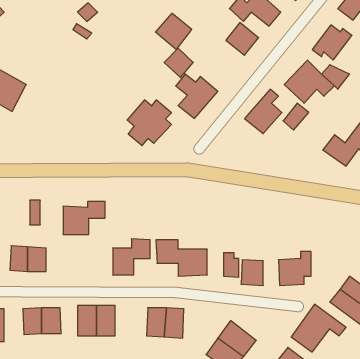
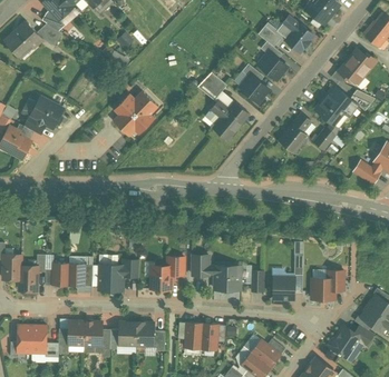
building: [155,13,192,49] -> [239,69,273,103]
building: [127,100,171,146] -> [114,92,156,136]
building: [63,202,105,234] -> [98,259,138,290]

